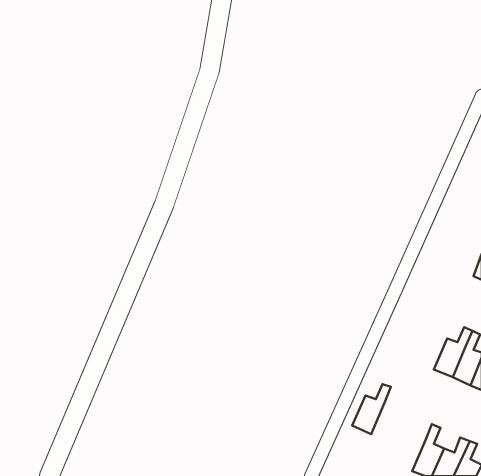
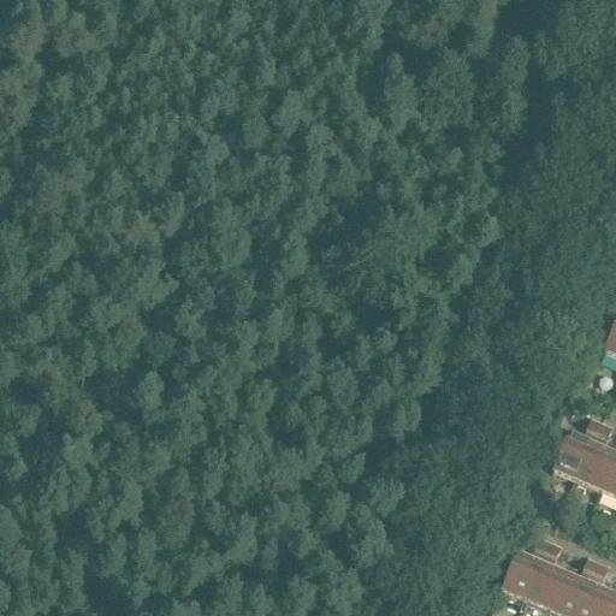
building: [352,384,391,434] -> [503,538,552,602]

